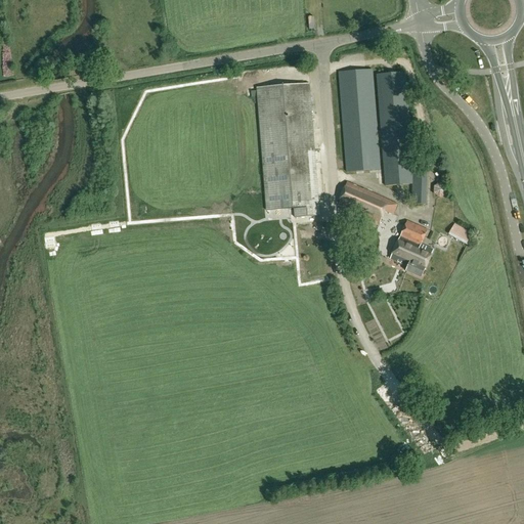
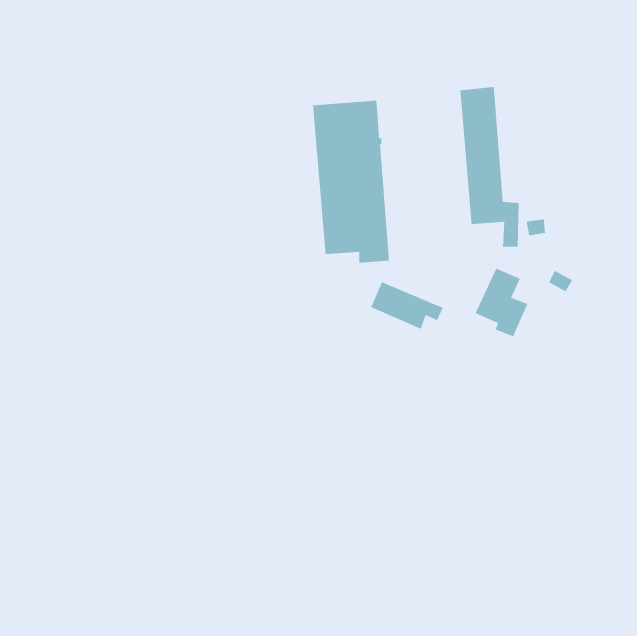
building: [339,68,379,170] -> none
building: [338,181,398,221] -> [370,281,444,330]

